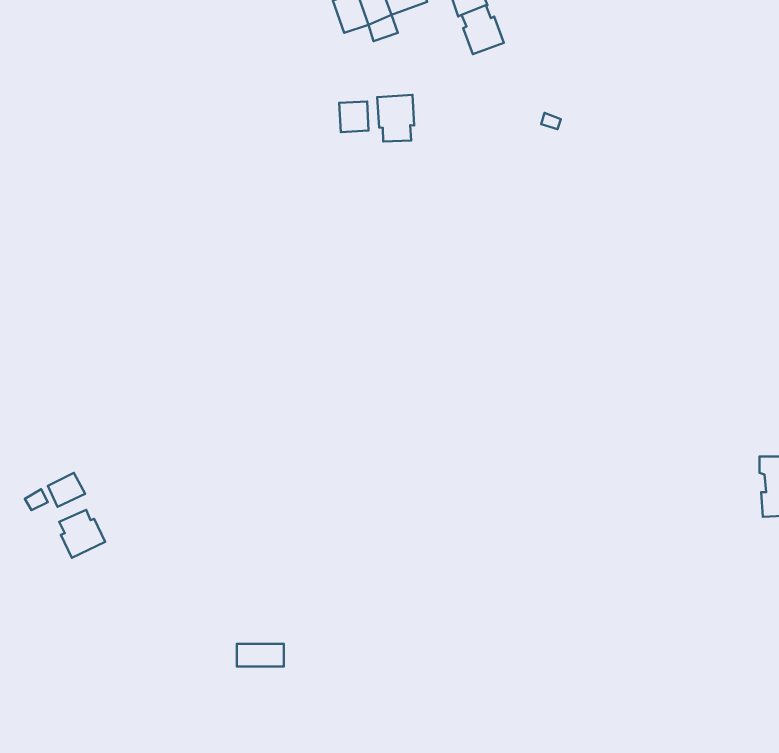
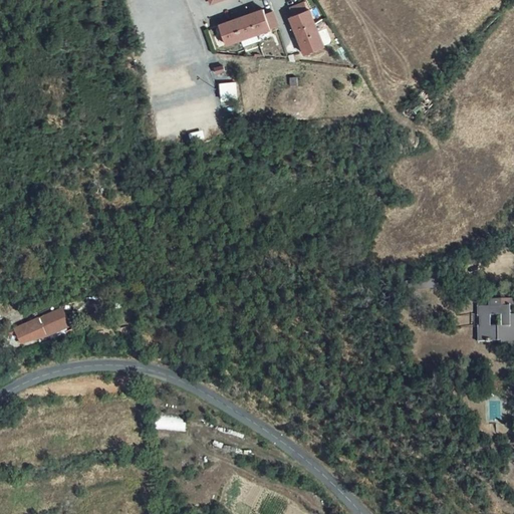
building: [377,95,414,141] -> none
building: [59,510,105,558] -> none

